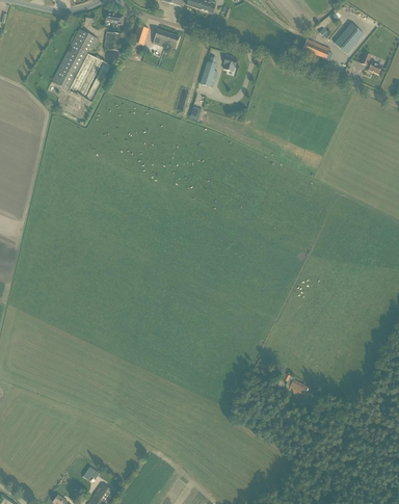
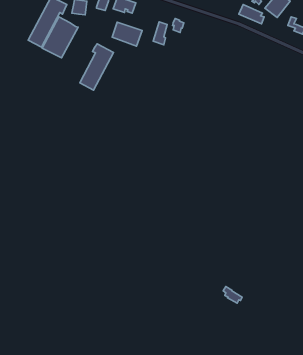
building: none -> [112,22,142,46]
building: none -> [80,44,113,90]

